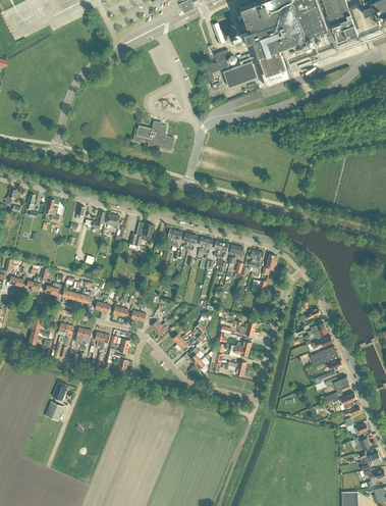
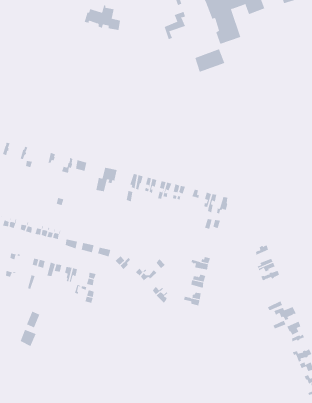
building: [222,61,256,88] -> [195,48,225,72]
building: [132,121,173,150] -> [84,5,121,30]
building: [310,347,341,369] -> none

